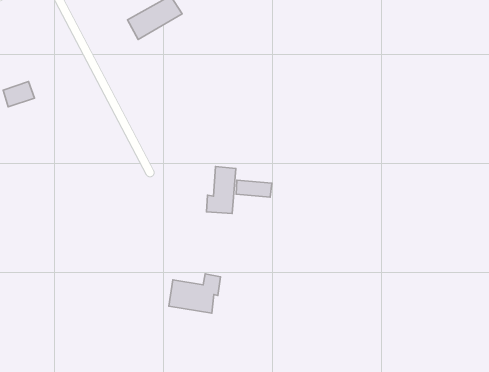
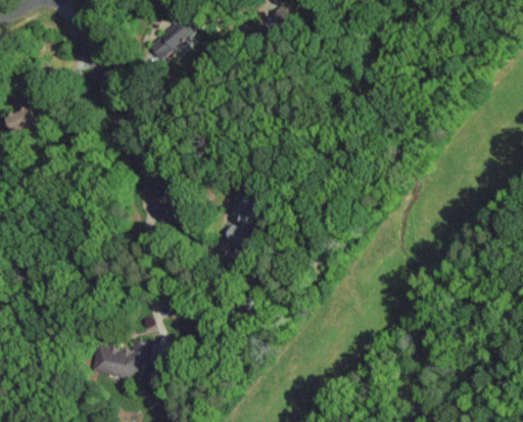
building: [236,180,272,197] -> none
building: [169,274,221,313] -> [95,340,149,381]

